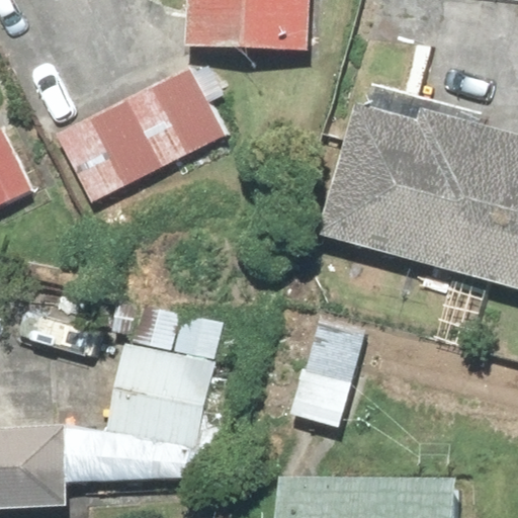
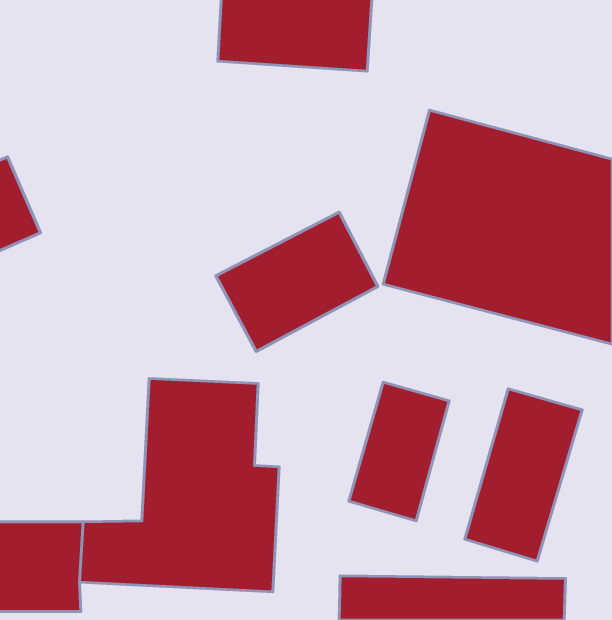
building: [63,64,225,198] -> none
building: none -> [216,212,378,351]
building: none -> [465,389,582,561]

